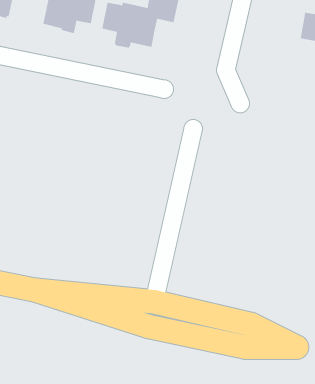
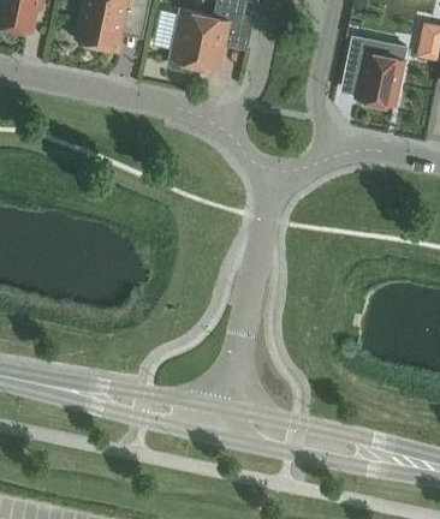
building: none -> [345,34,405,103]

